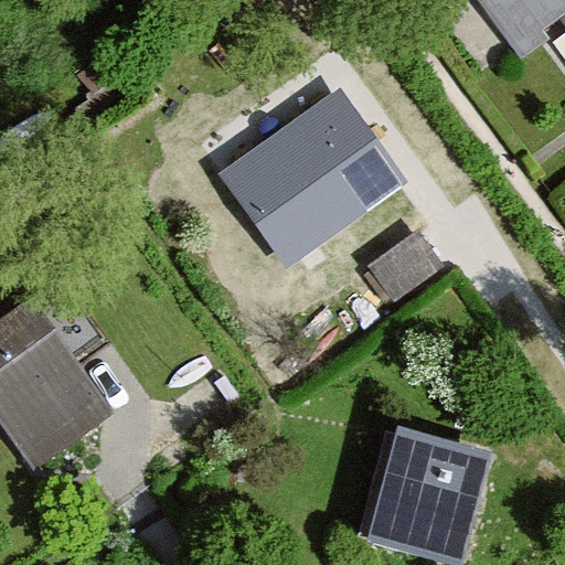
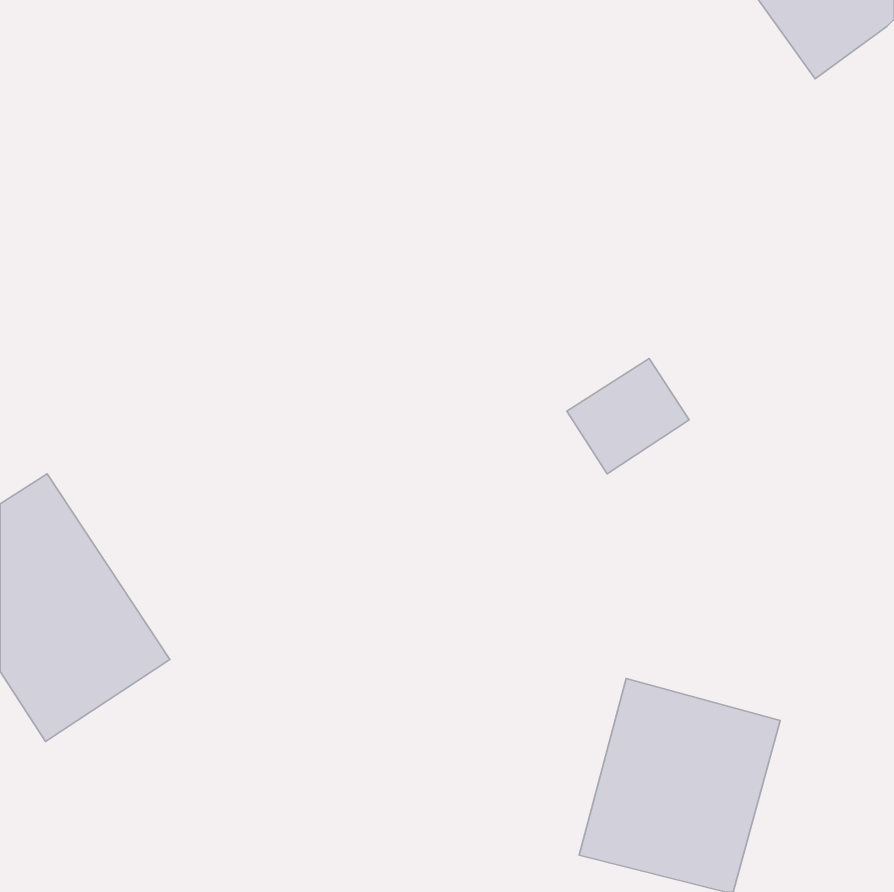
building: [232,100,395,255] -> none

